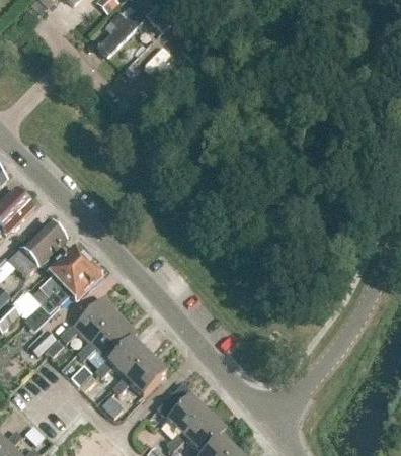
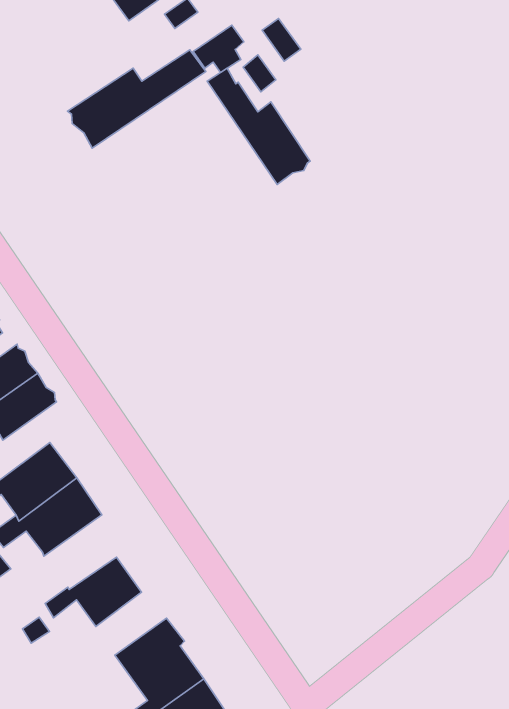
building: none -> [68,50,206,148]
building: none -> [207,68,310,185]
building: [95,338,149,378] -> none

